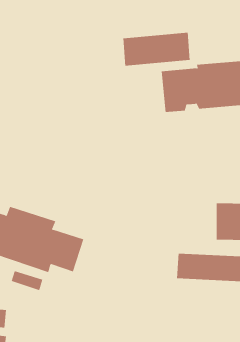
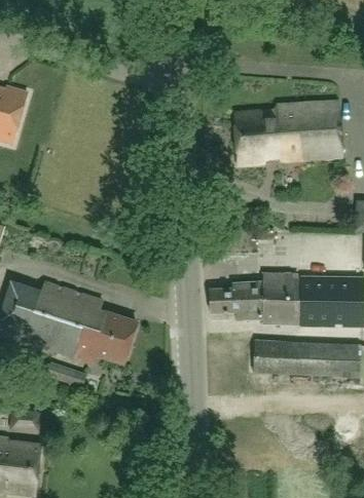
building: [123,32,190,67] -> none
building: none -> [210,272,302,323]

